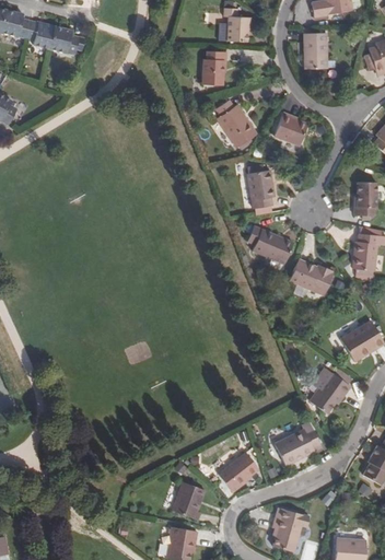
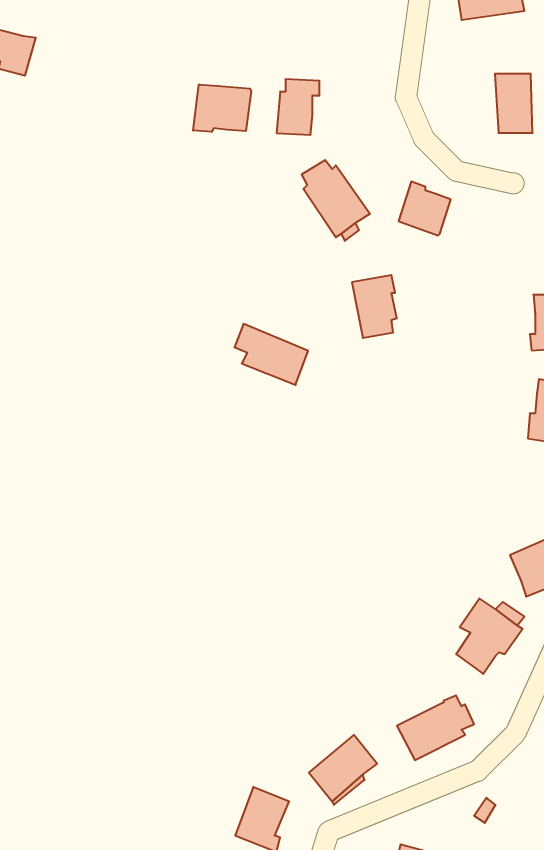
building: [223,7,247,40] -> none
building: [48,25,78,54] -> none
building: [303,31,326,67] -> [495,74,533,133]
building: none -> [193,84,251,132]
building: [248,226,293,264] -> [234,324,308,385]
building: [290,259,335,295] -> none

